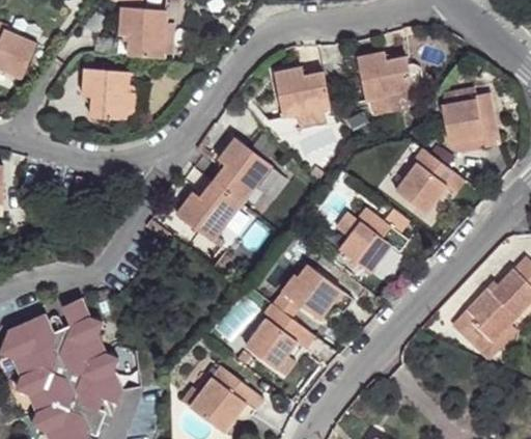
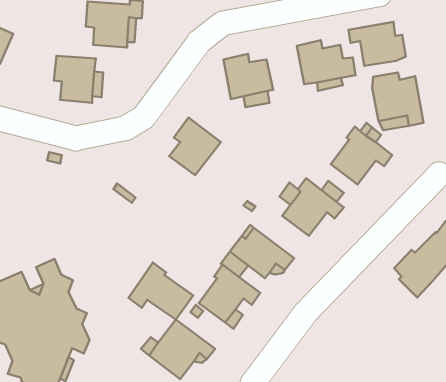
building: none -> [348,22,406,66]
building: [177,182,242,242] -> none
building: none -> [129,262,193,320]
building: [452,308,515,357] -> none

